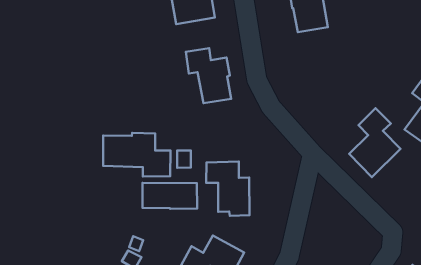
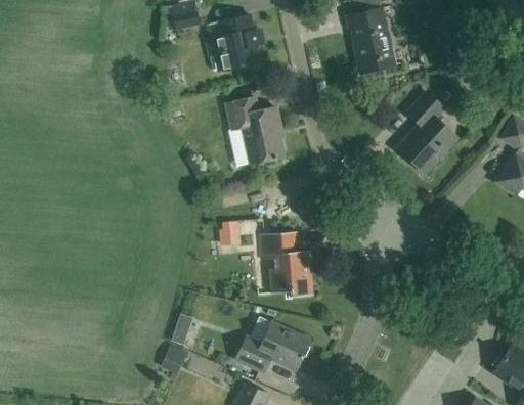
building: [349,108,401,177] -> [397,91,458,174]
building: [103,133,170,177] -> none
building: [143,183,197,209] -> none

